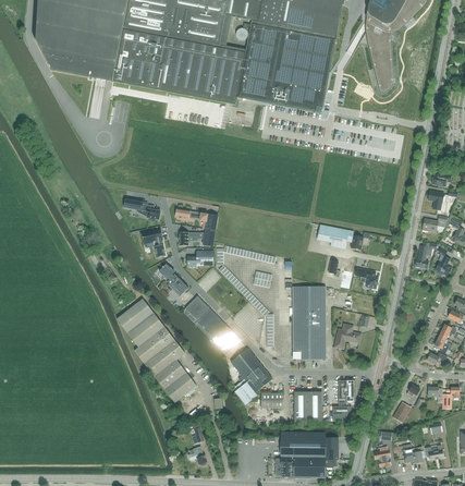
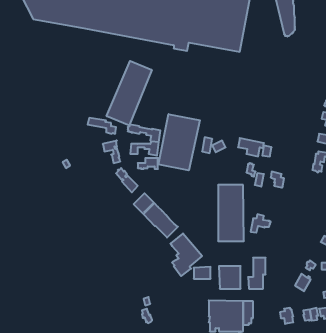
building: none -> [107,61,152,125]
building: none -> [159,114,200,170]
building: [115,297,195,401] -> none

